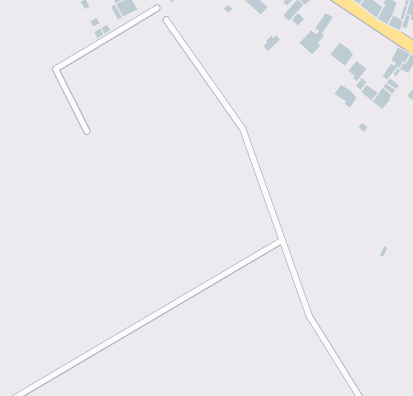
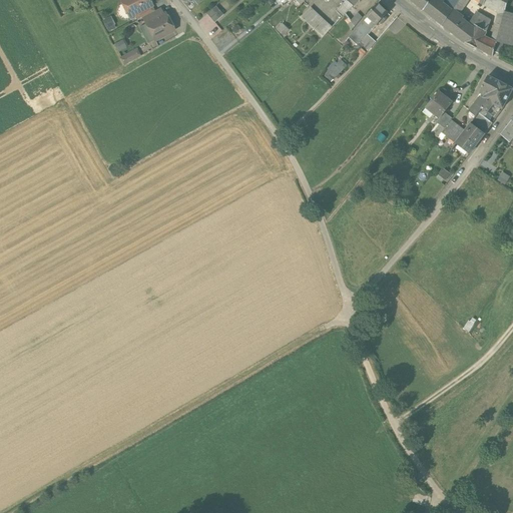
building: [299,12,334,55] -> none
building: [330,42,354,67] -> none
building: [333,84,357,109] -> none

